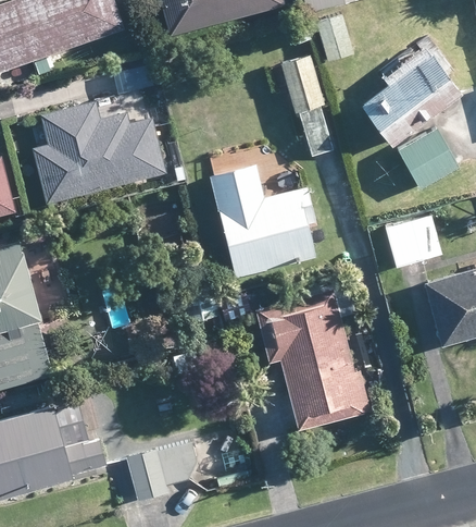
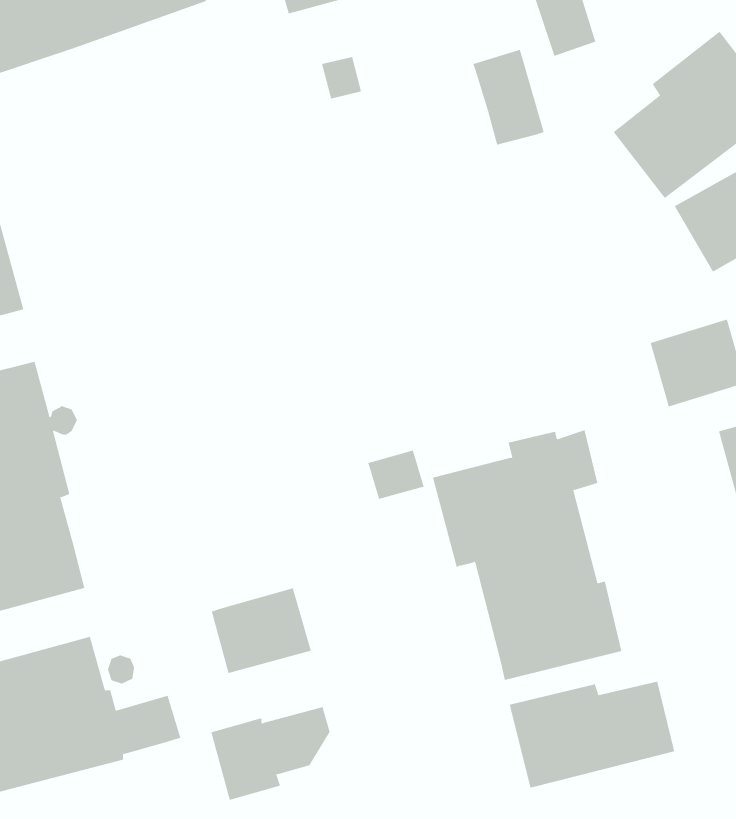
building: [33,101,166,205] -> none
building: [212,164,316,274] -> none
building: none -> [211,587,312,674]
building: none -> [509,681,675,788]

